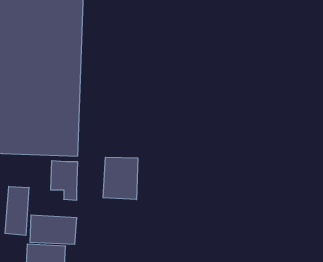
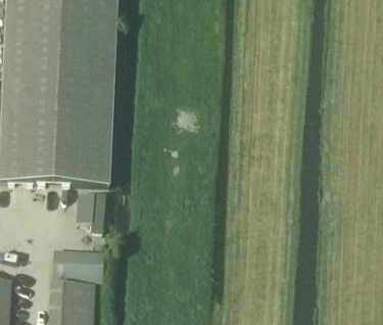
building: [103,157,138,200] -> none
building: [5,186,29,235] -> none

